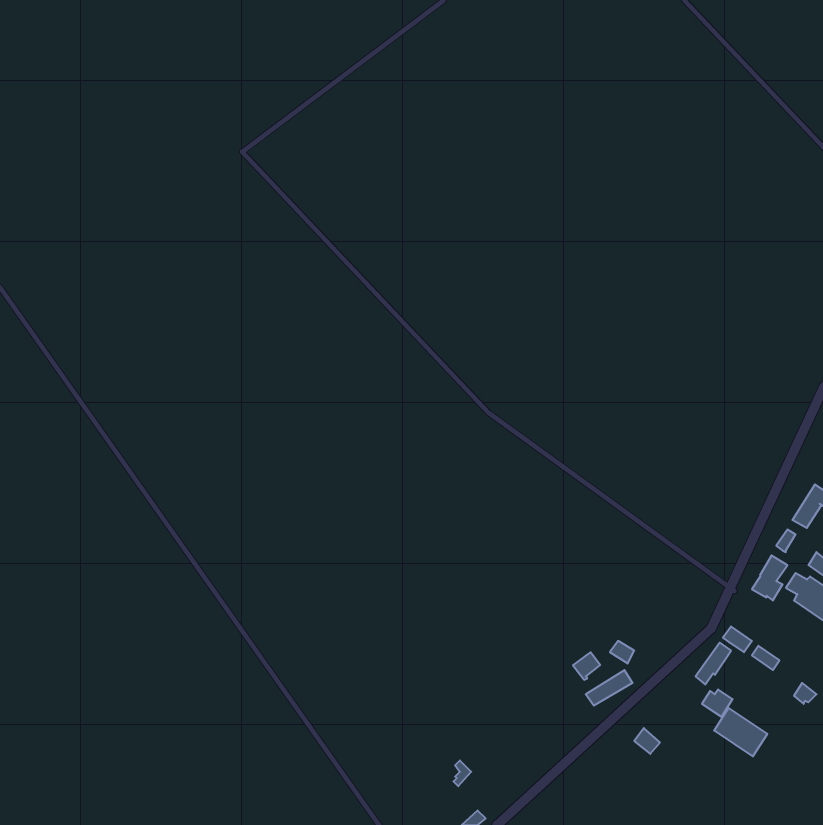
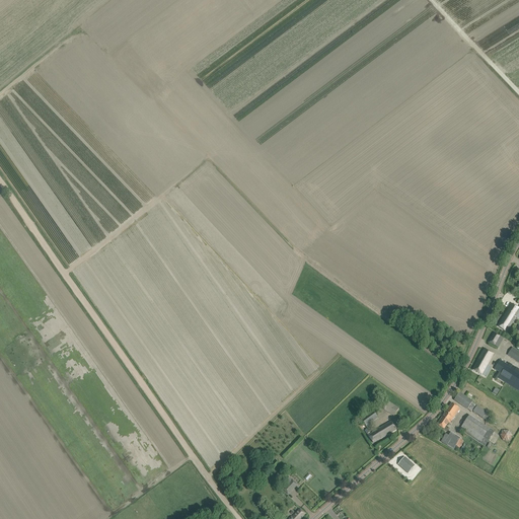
building: [714,708,767,756] -> [461,416,495,446]

